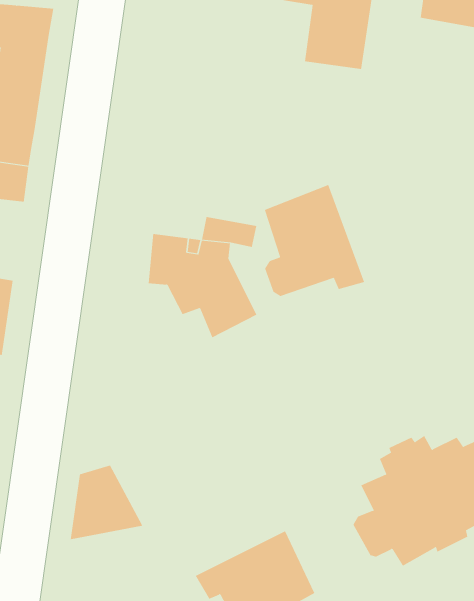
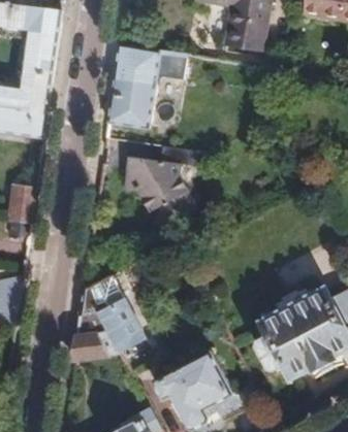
building: none -> [107,42,186,130]
building: [264,184,365,297] -> none
building: none -> [78,276,147,351]

